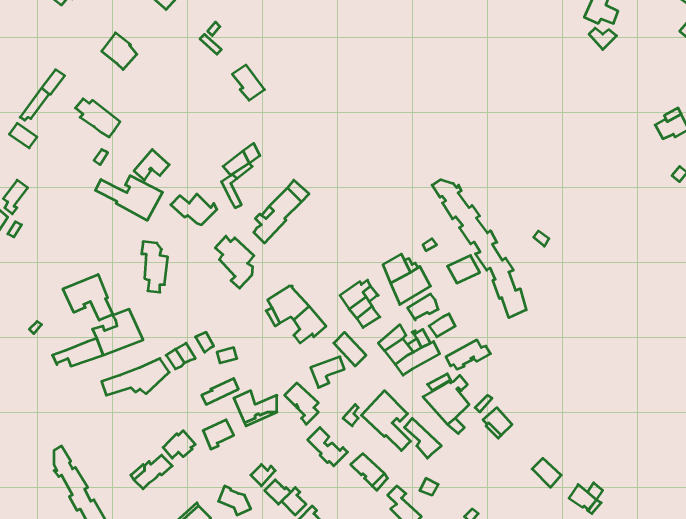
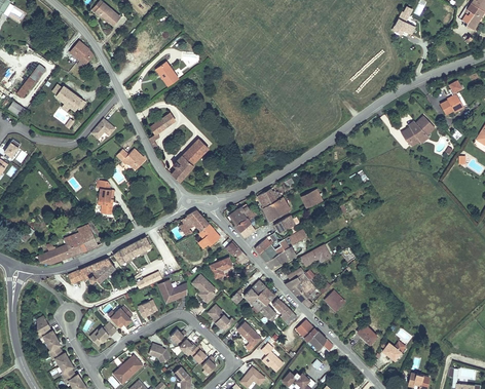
building: none -> [397,111,430,139]
building: [95,176,163,220] -> none
building: [432,180,526,318] -> none
building: [215,236,254,288] -> none
building: [63,274,113,320] -> none
building: none -> [296,319,333,351]

